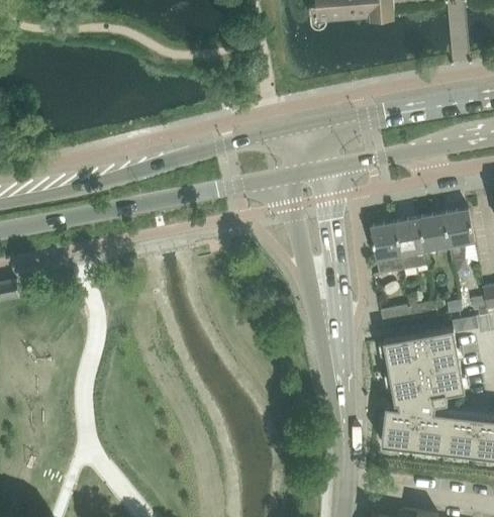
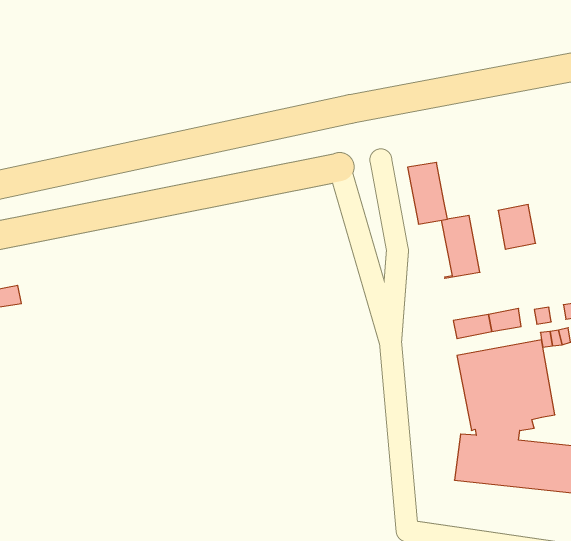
building: [443,211,475,264] -> none
building: [394,220,427,272] -> [408,162,447,224]

